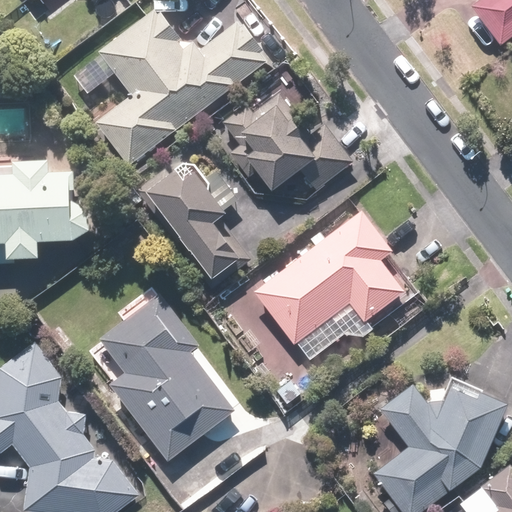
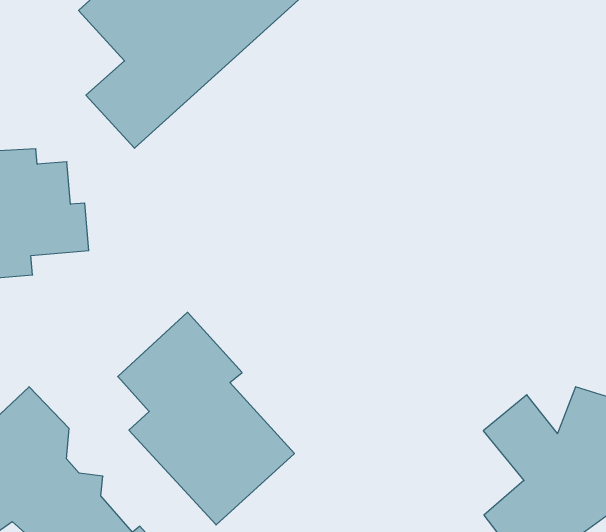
building: [217,96,350,191] -> none
building: [142,158,242,279] -> none
building: [252,209,408,361] -> none

